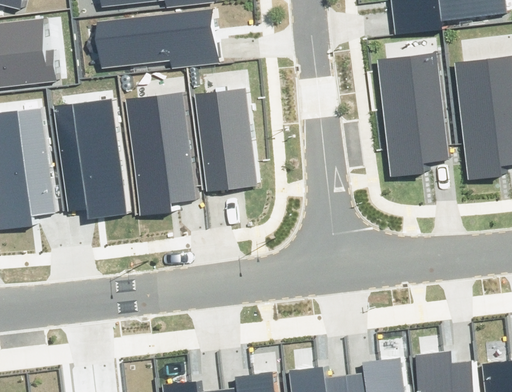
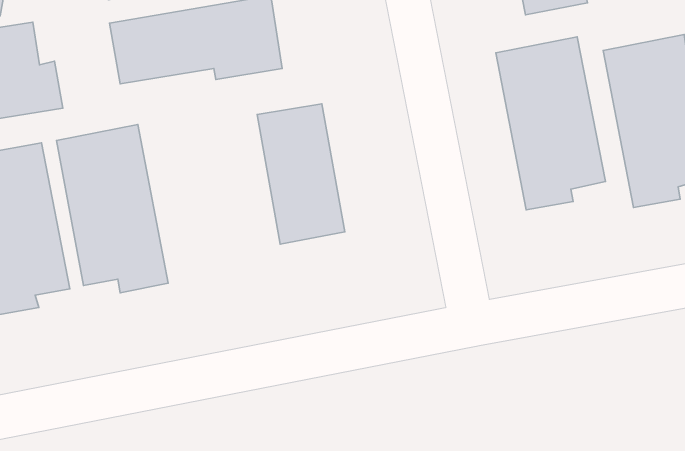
building: [125,94,197,216] -> none

